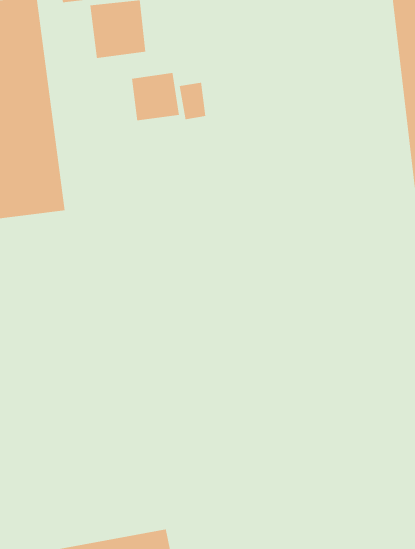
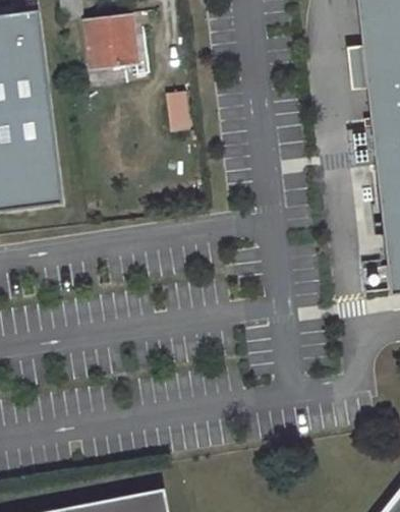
building: [131,72,179,121] -> none

